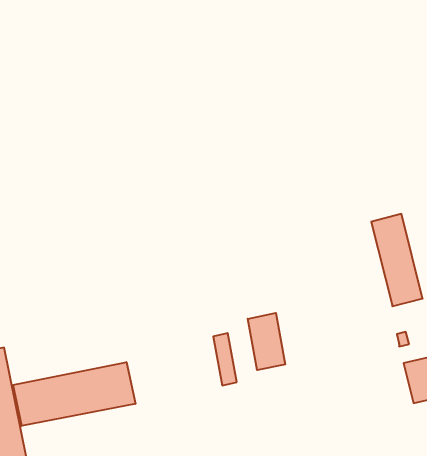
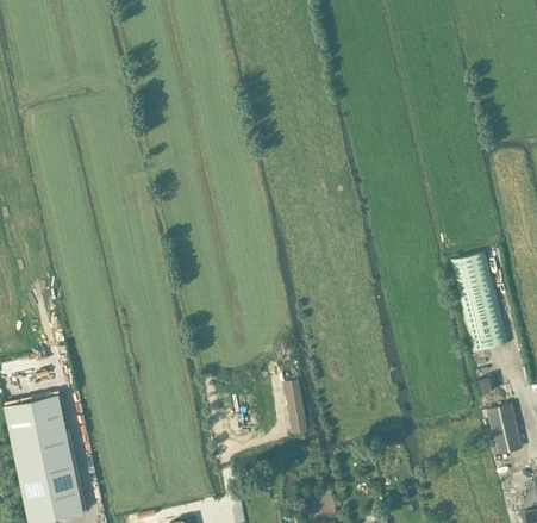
building: [248,313,285,370] -> none
building: [13,362,135,426] -> none

